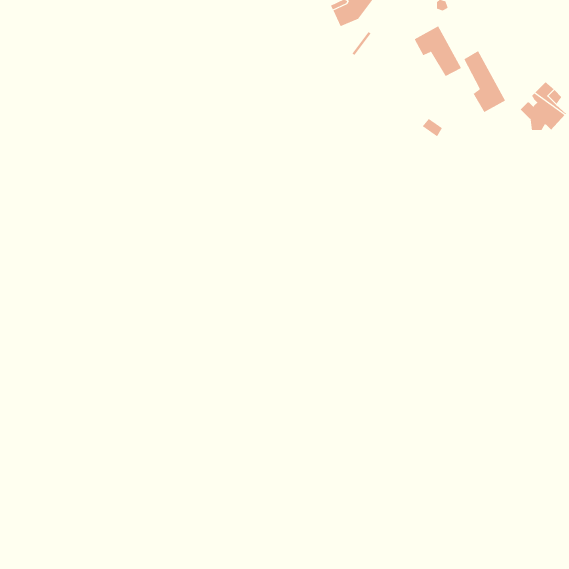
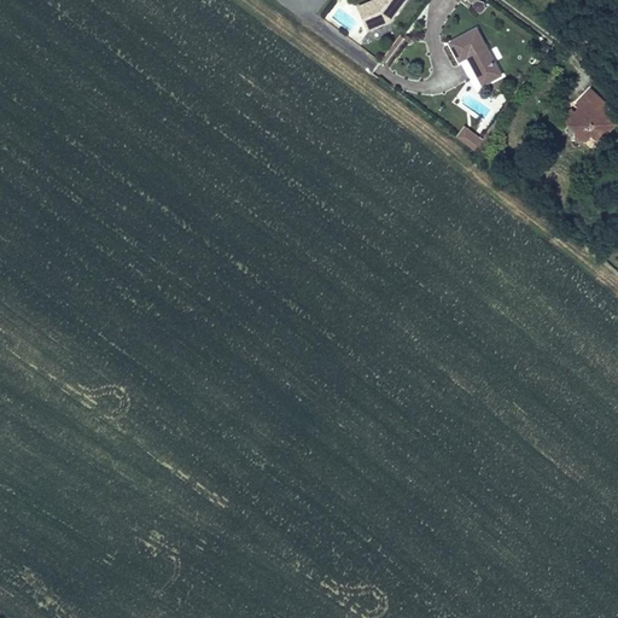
building: [463,50,506,113] -> none

